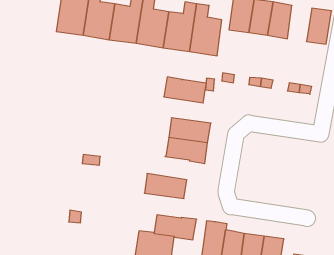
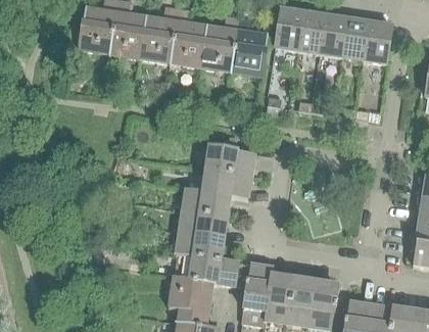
building: none -> [341,18,369,59]
building: [164,77,206,103] -> [182,187,230,217]
building: none -> [176,232,224,260]

